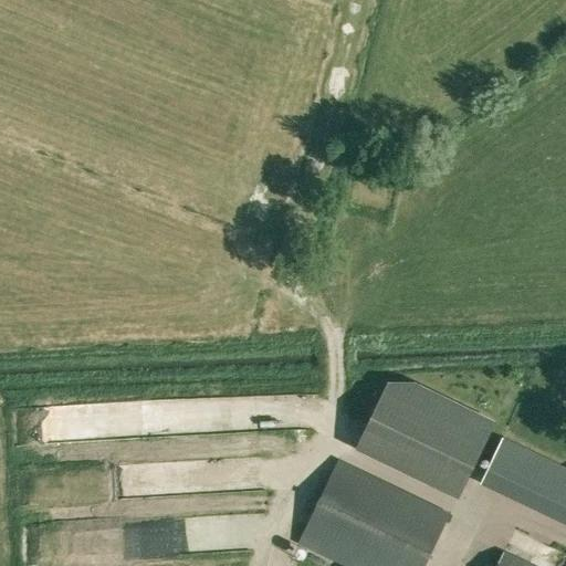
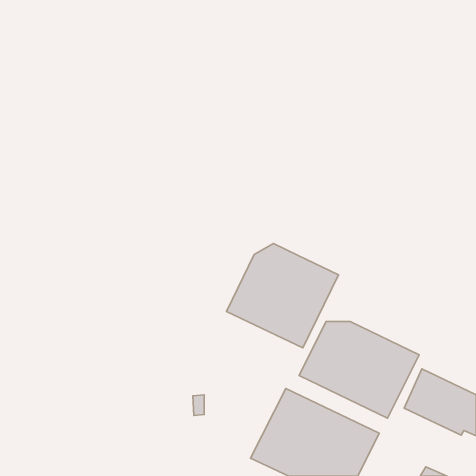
building: none -> [226,244,339,348]

